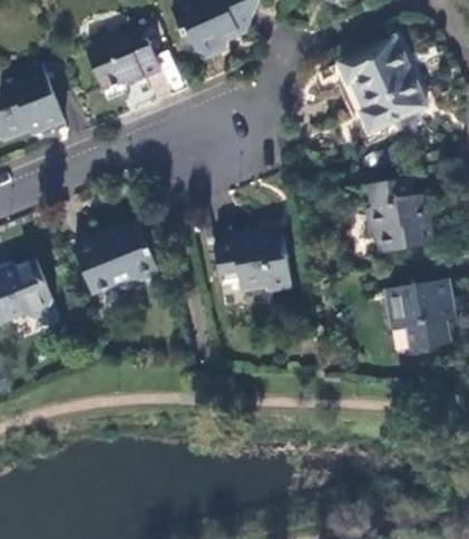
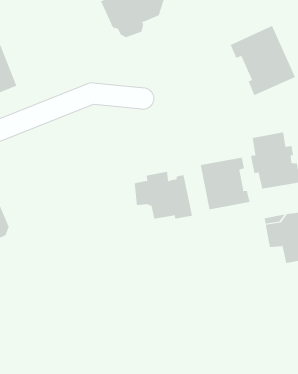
building: [86,28,159,91] -> none
building: none -> [200,157,250,210]
building: [75,224,159,295] -> none

